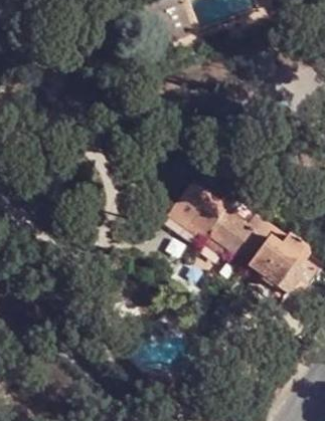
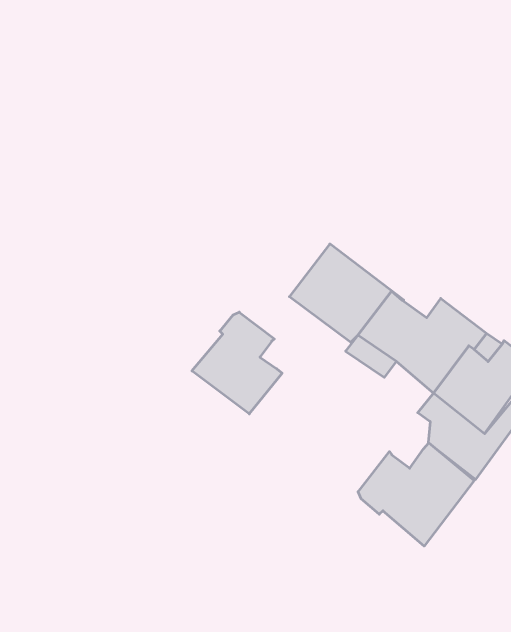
building: none -> [192,312,282,414]
building: none -> [358,443,474,546]

